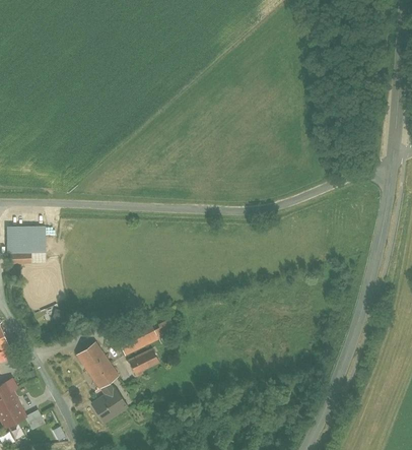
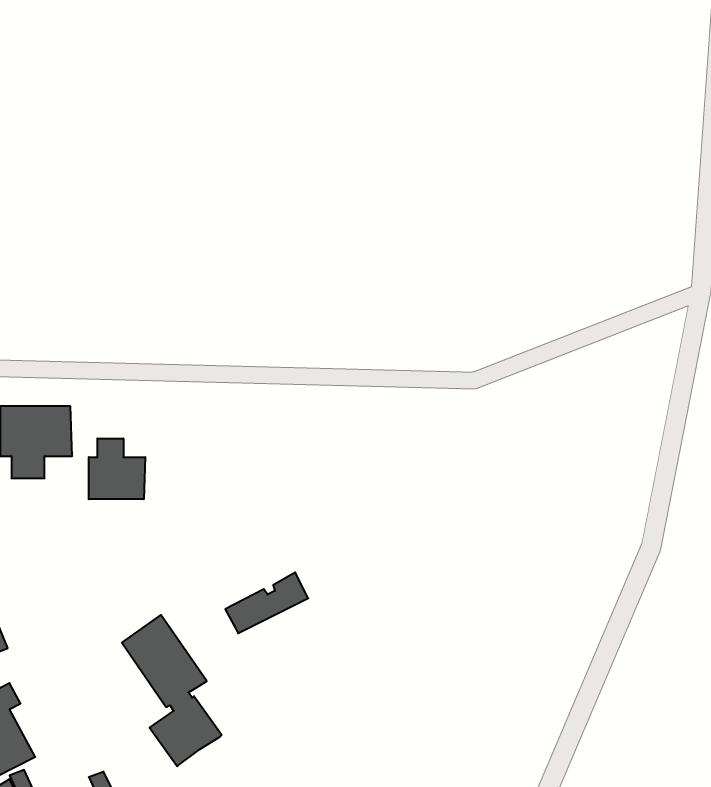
building: none -> [89,438,145,499]
building: [127,348,158,376] -> none

